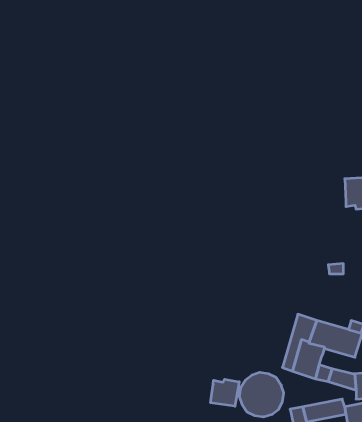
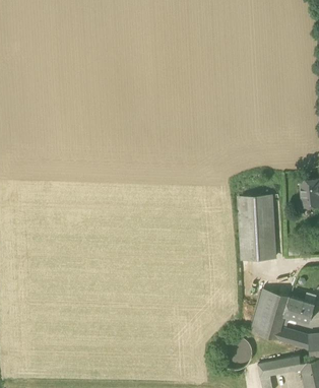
building: none -> [238,195,275,259]
building: [211,379,239,406] -> none

